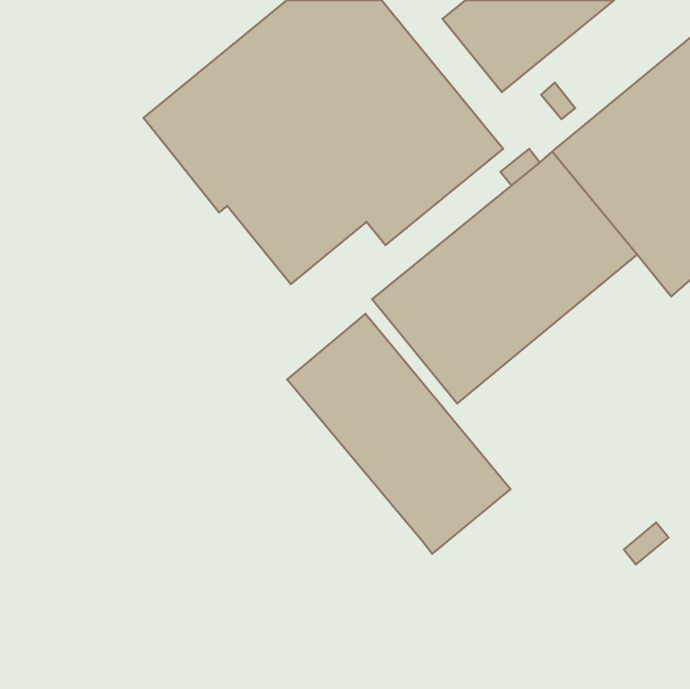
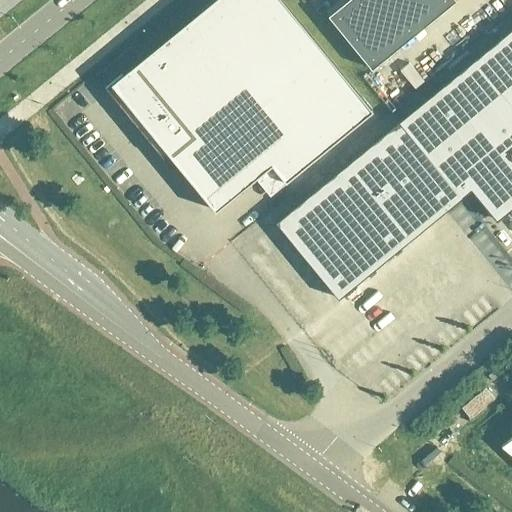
building: [287,314,510,554] -> none

